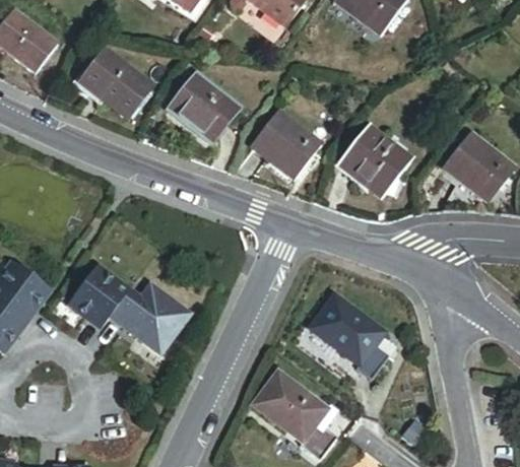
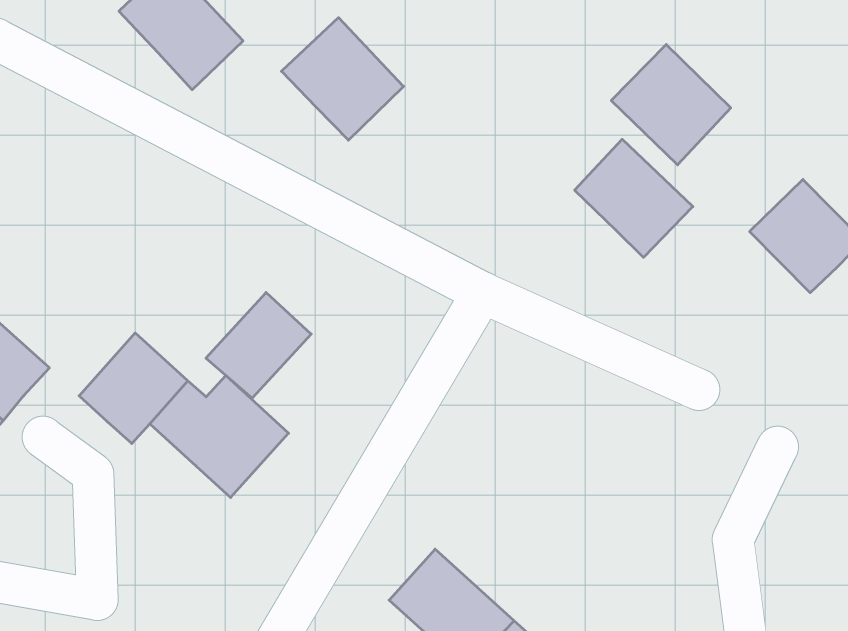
building: none -> [611,44,731,165]
building: [246,112,316,181] -> none
building: none -> [206,292,311,398]
building: [313,293,396,377] -> none

